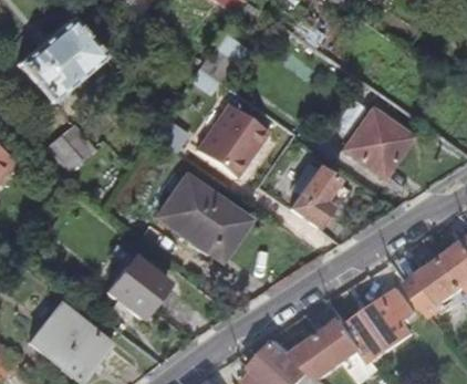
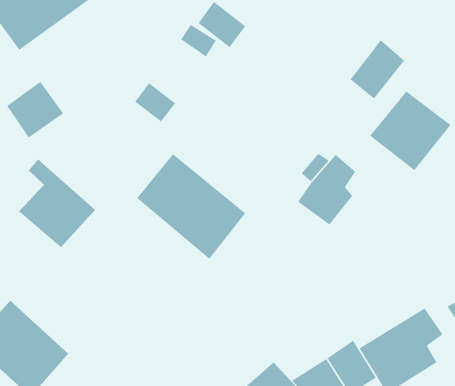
building: none -> [350,39,405,99]
building: [197,105,268,178] -> none
building: [106,248,169,320] -> [18,159,96,248]

